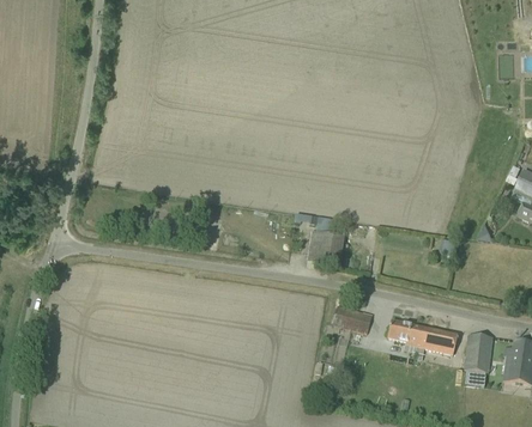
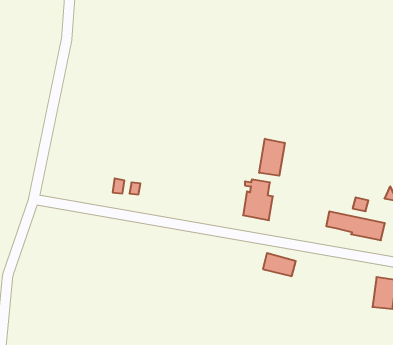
building: none -> [259,139,285,176]
building: [387,319,458,354] -> [326,211,385,240]

